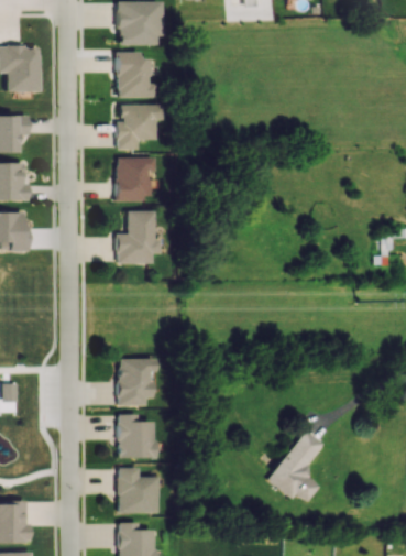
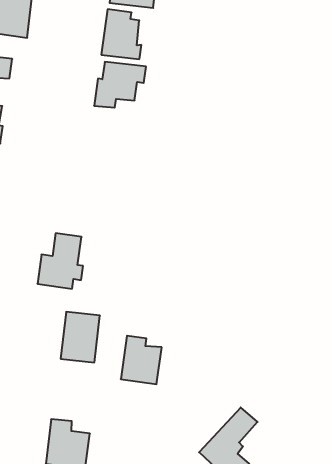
building: [117,156,155,199] -> none
building: [117,210,160,263] -> [37,233,83,289]
building: [119,414,155,458] -> [121,336,162,384]

